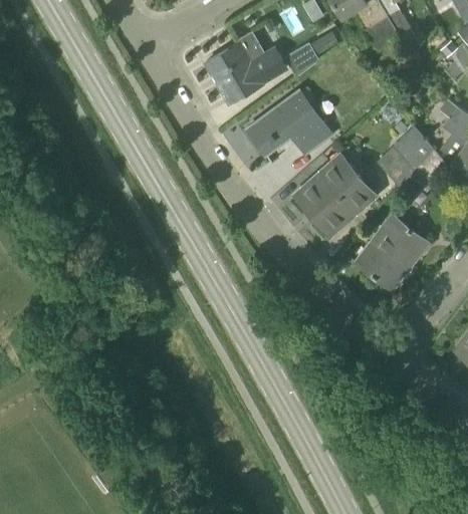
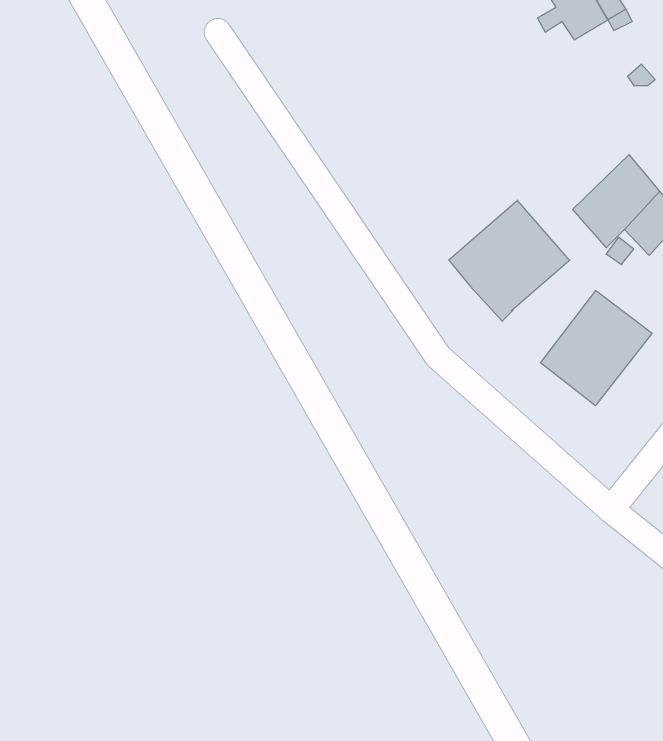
building: [205,42,286,102] -> none
building: [286,44,316,75] -> none
building: [247,90,331,155] -> none

